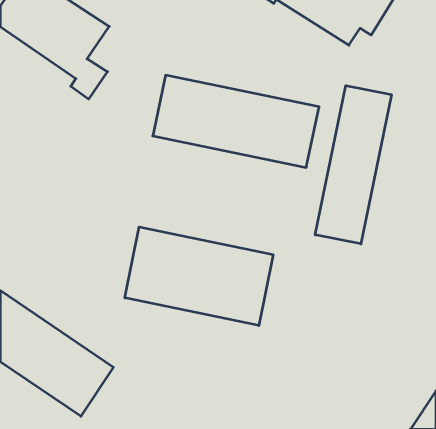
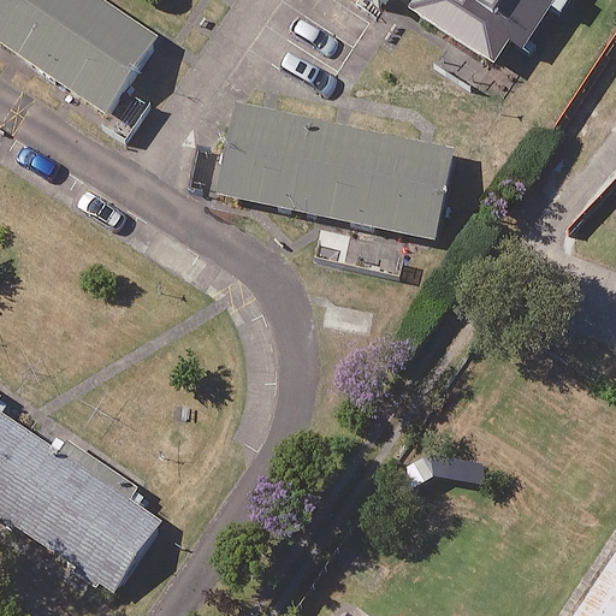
building: [315,86,391,244] -> none
building: [125,227,273,326] -> none

